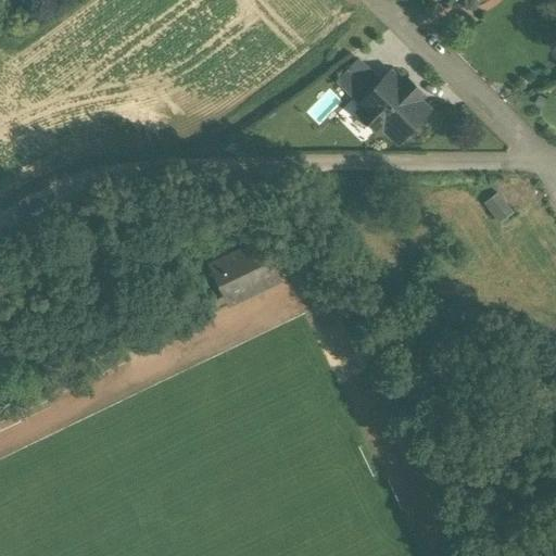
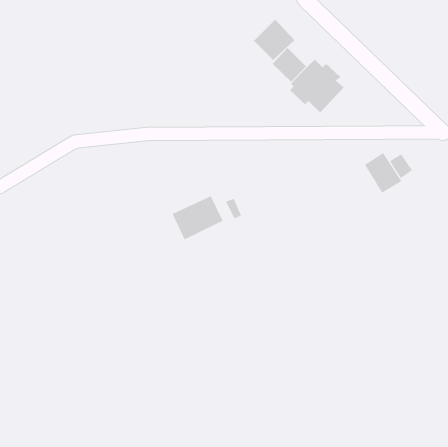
building: none -> [253,19,295,61]
building: none -> [364,152,402,193]

